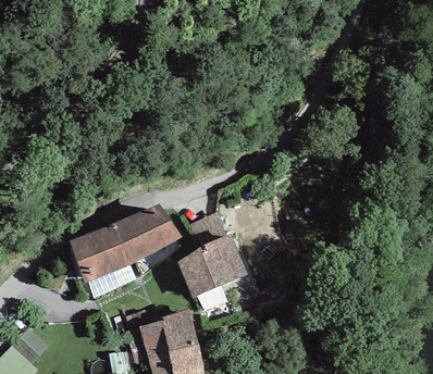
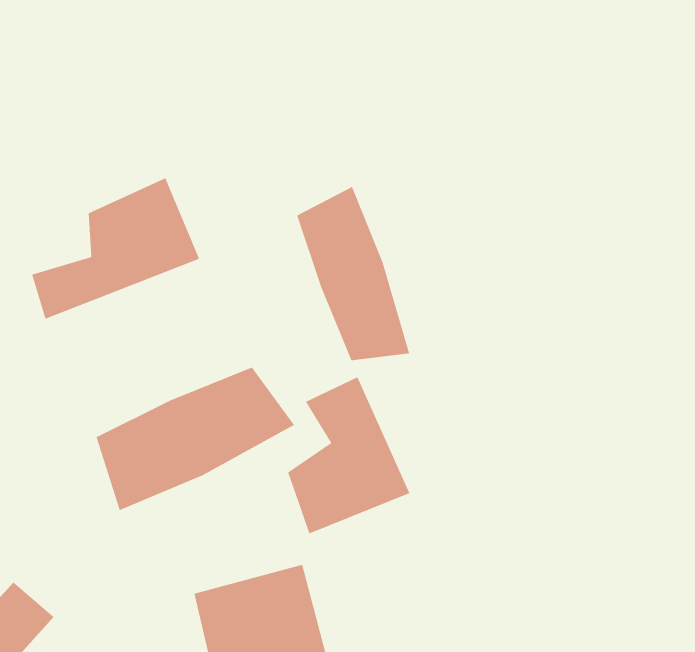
building: none -> [31,177,200,320]
building: none -> [296,186,410,361]

